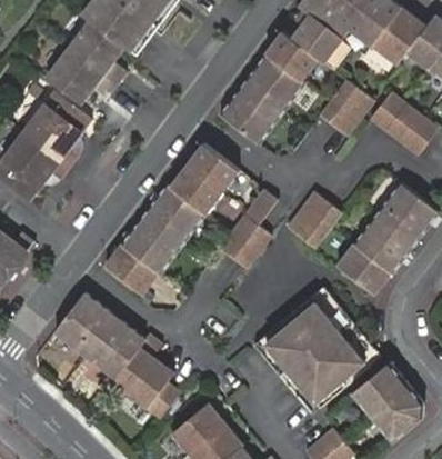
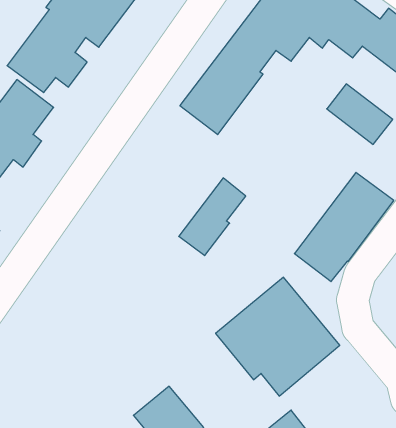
building: [320,80,373,136] -> none
building: [103,143,238,296] -> none
building: [288,193,341,249] -> none
building: [52,293,178,419] -> none
building: [354,366,423,441] -> none

